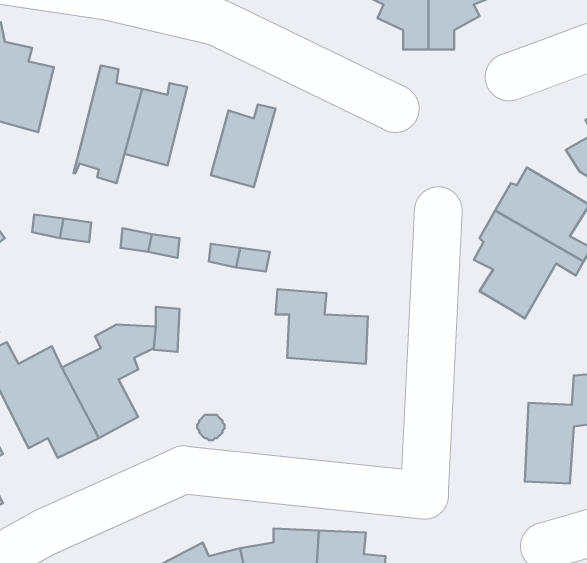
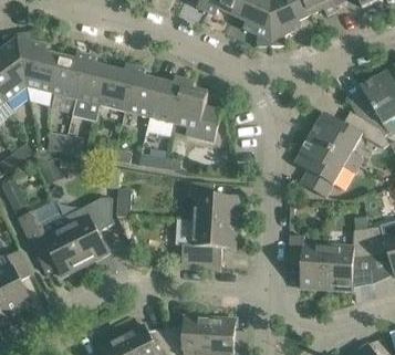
building: none -> [52,52,87,98]
building: none -> [125,66,159,116]
building: none -> [174,79,222,140]
building: none -> [176,218,237,263]
building: none -> [290,234,329,289]

